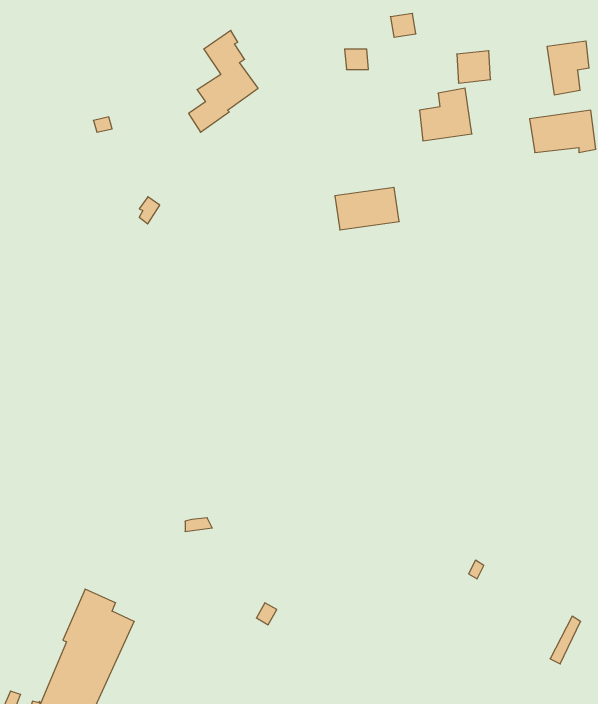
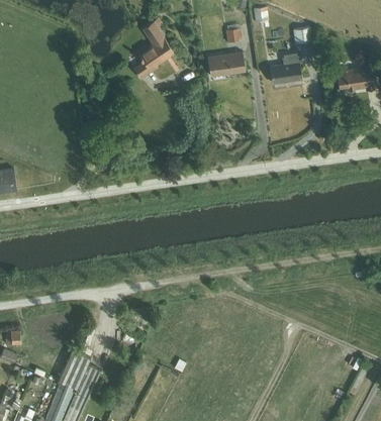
building: [547,41,589,95] -> none
building: [335,187,399,230] -> [206,52,245,78]

